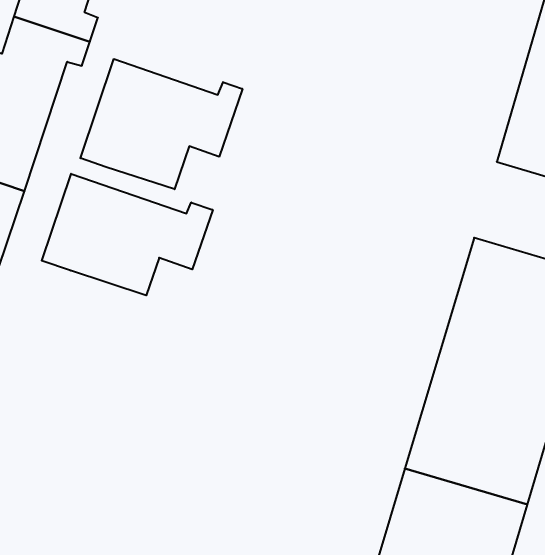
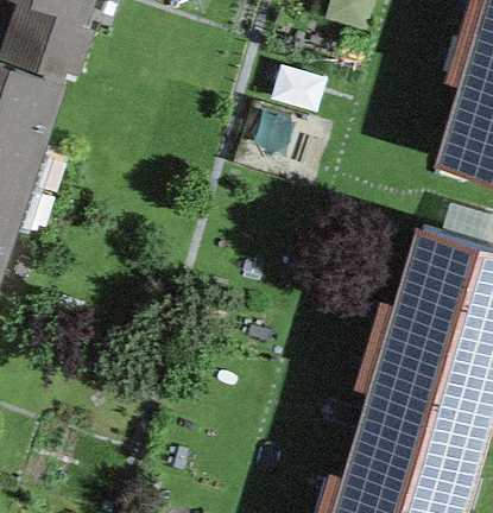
building: [80,59,242,189] -> none
building: [42,174,213,295] -> none

